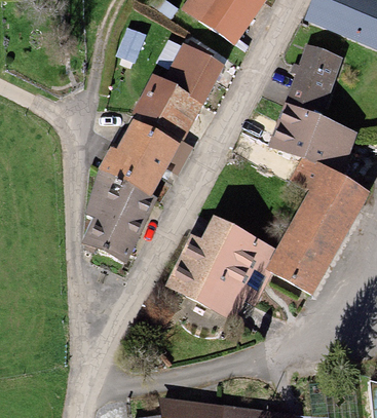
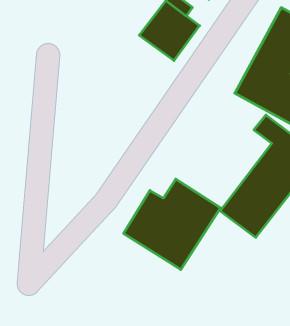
building: [137,84,203,147] -> none
building: [89,135,176,269] -> none

